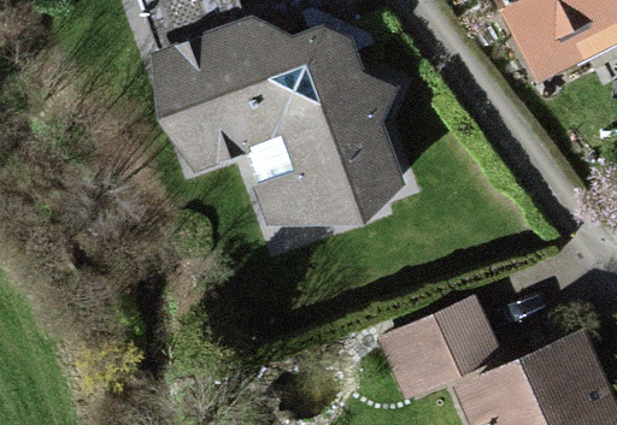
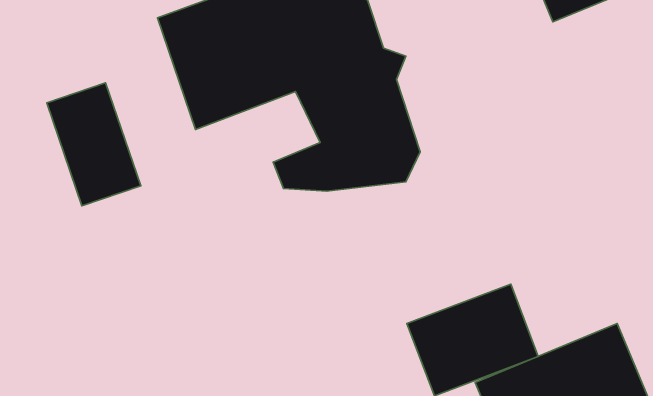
building: none -> [47,83,141,206]

